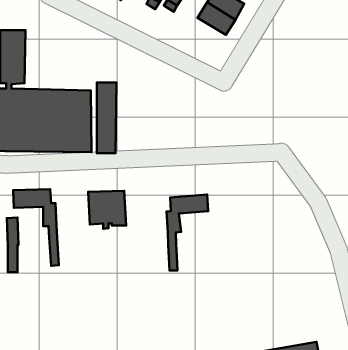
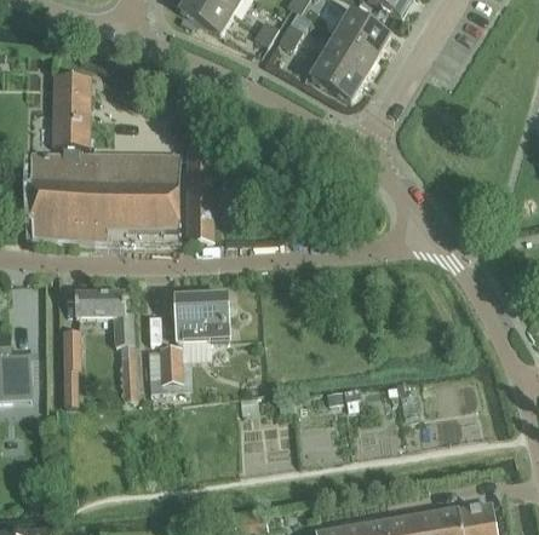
building: none -> [312,56,363,100]
building: [166,194,208,271] -> none
building: none -> [159,344,183,381]

